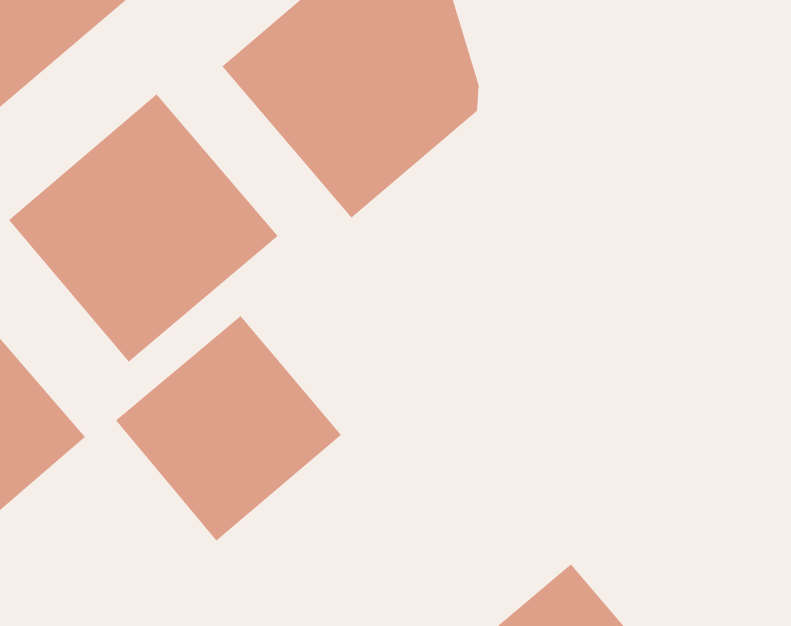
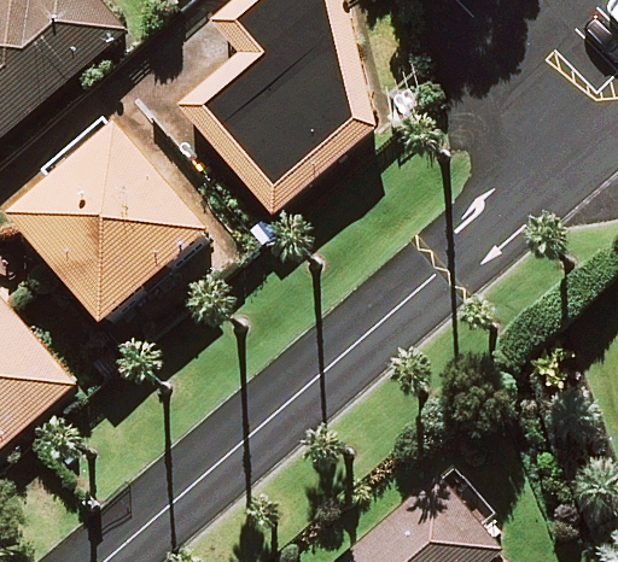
building: [115,315,342,541] -> none

